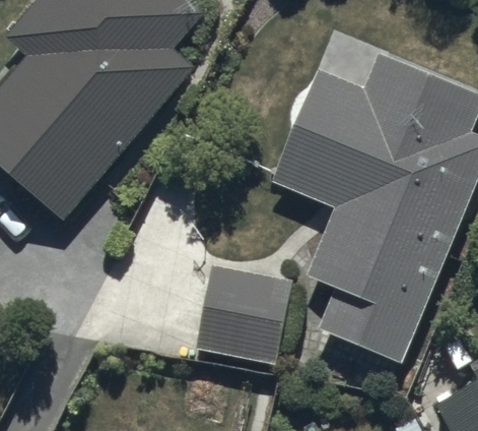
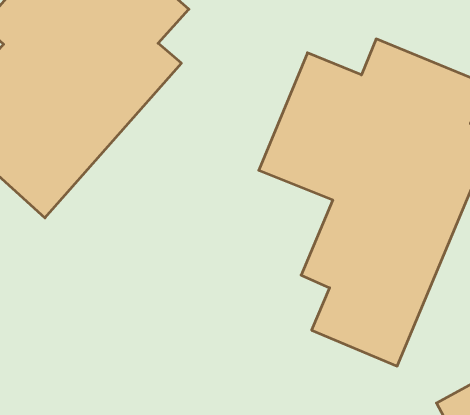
building: [197,267,291,363] -> none

